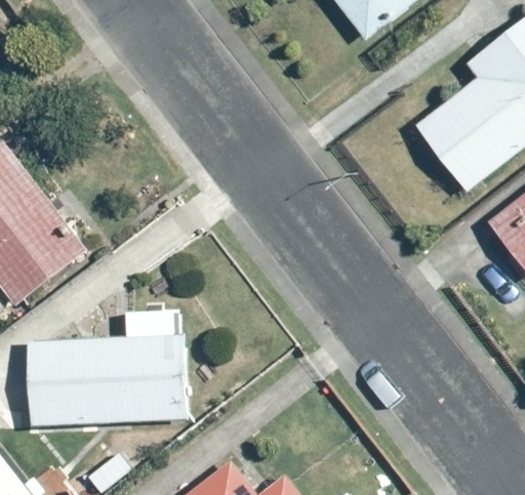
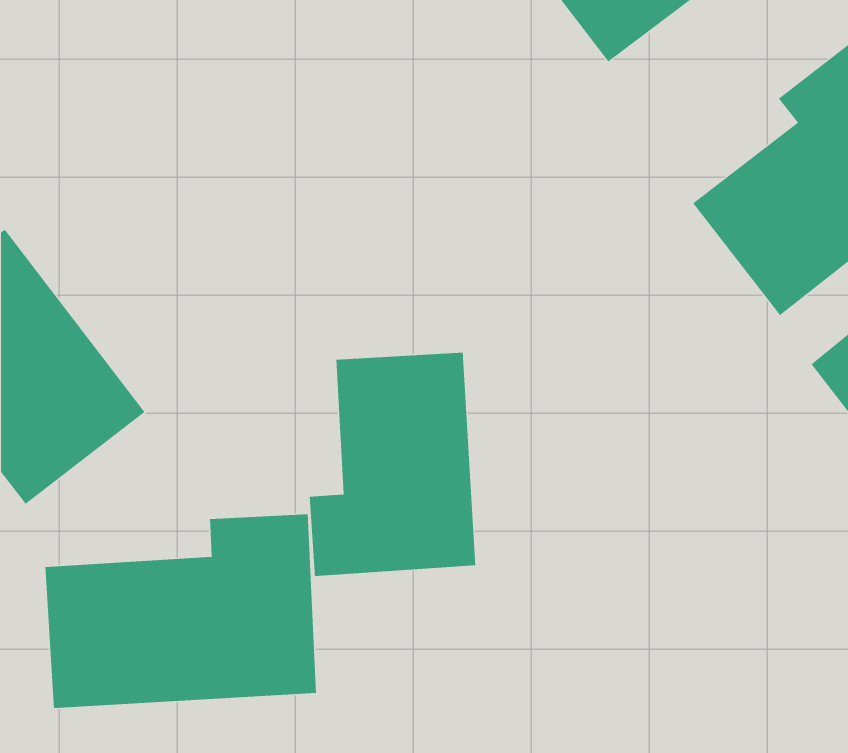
building: none -> [309,352,476,577]

